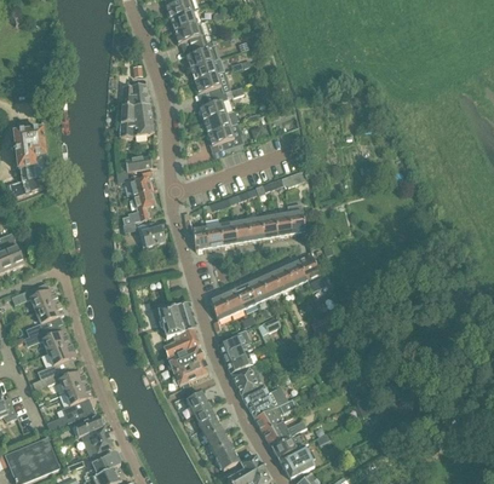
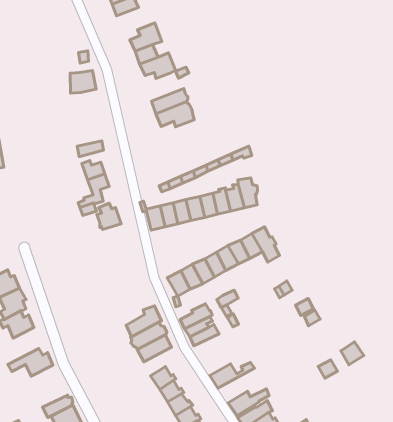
building: [172,21,207,45] -> none
building: [197,91,236,119] -> none
building: [119,103,153,137] -> none
building: [156,301,195,342] -> none
building: [46,342,74,374] -> none
building: [231,364,266,403] -> none
building: [62,382,93,421] -> none
building: [252,398,294,432] -> none

